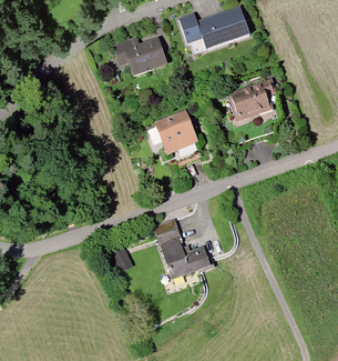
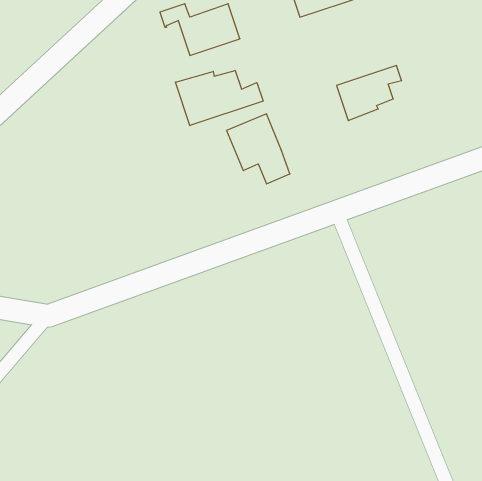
building: none -> [175,70,263,126]
building: [157,228,211,278] -> none

